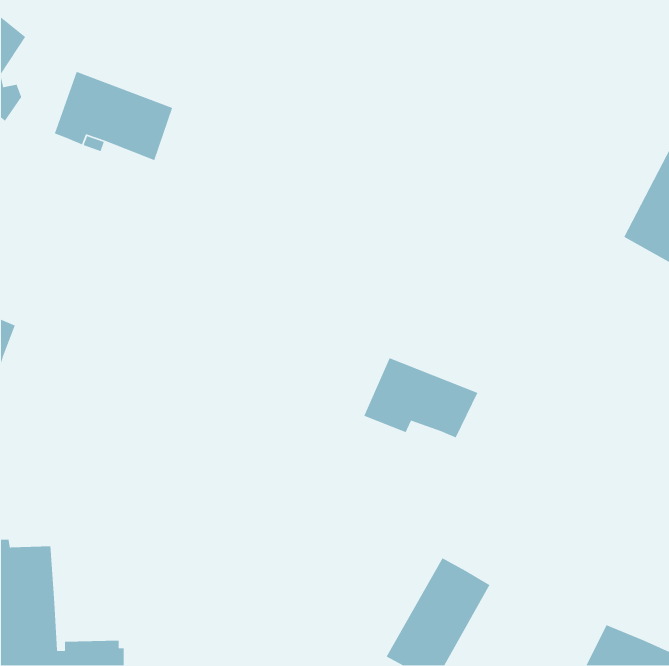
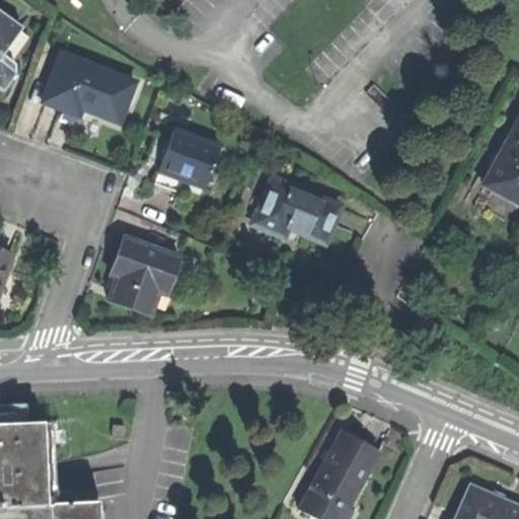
building: none -> [153,132,220,197]
building: none -> [108,236,179,313]
building: [363,357,478,439] -> [250,180,340,243]

